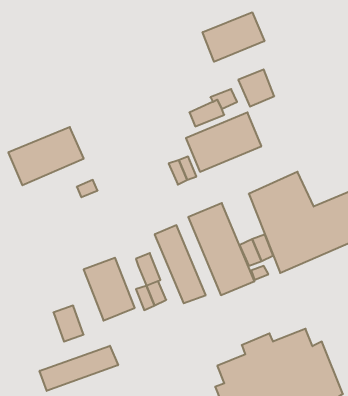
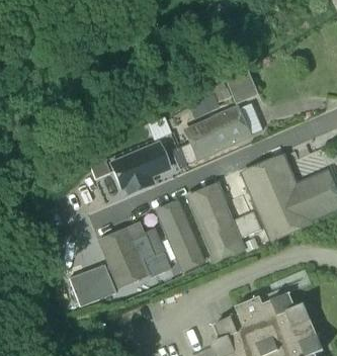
building: [203,12,264,62] -> none
building: [8,127,84,185] -> [109,143,175,193]
building: [40,346,118,391] -> none

